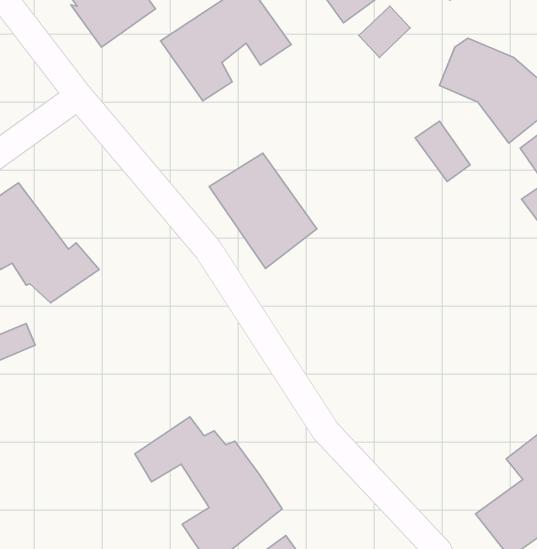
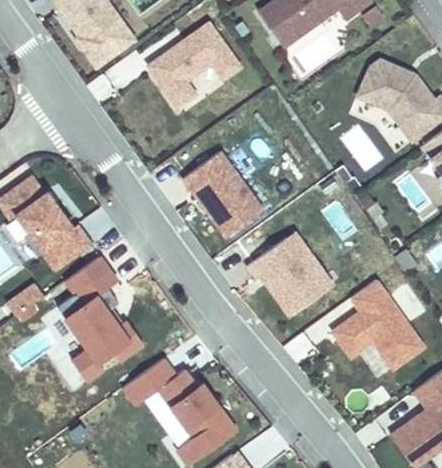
building: none -> [244,232,335,317]
building: none -> [59,255,145,379]
building: none -> [329,278,427,372]

